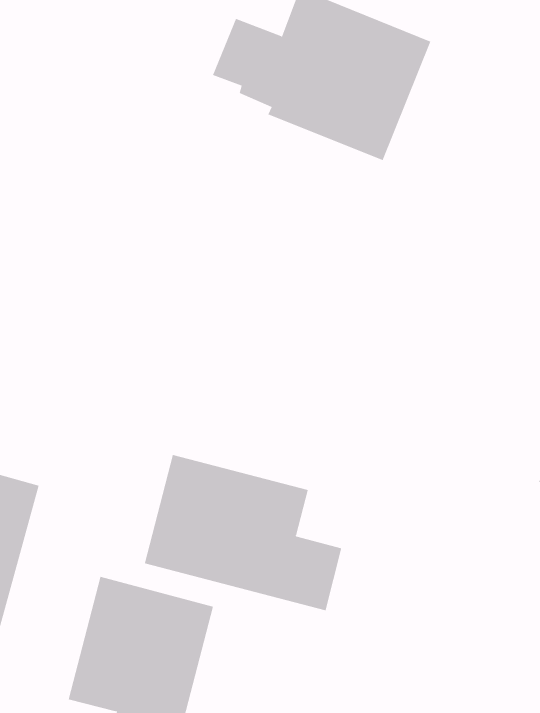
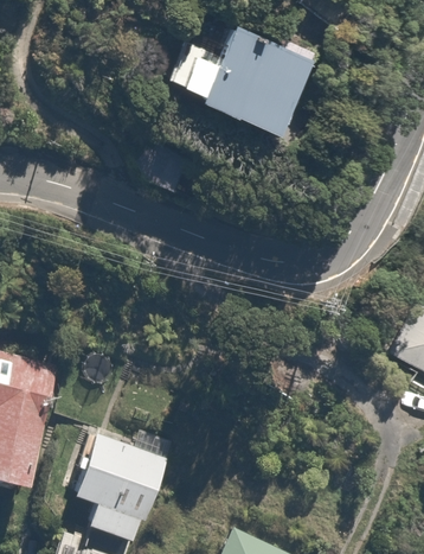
building: [144,454,342,611] -> none

